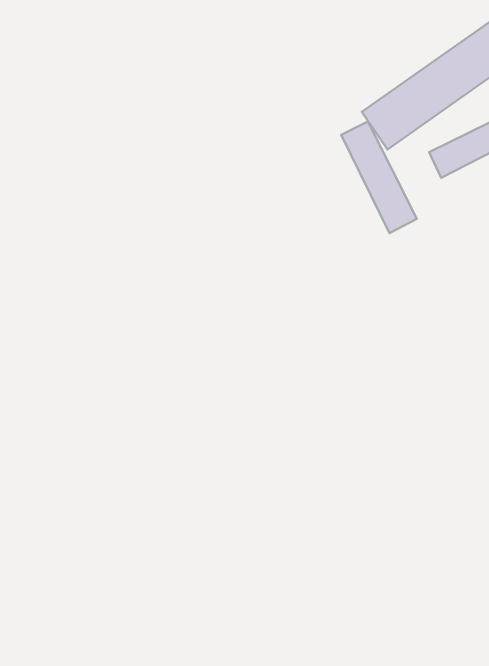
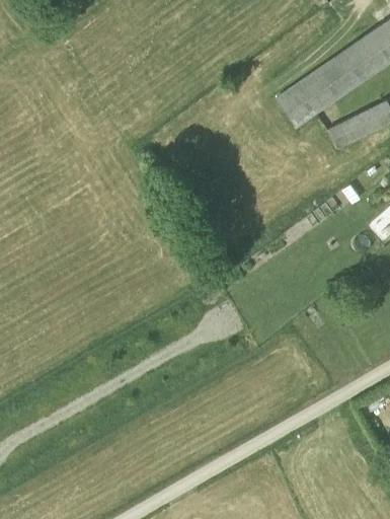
building: [341,122,417,233] -> none

